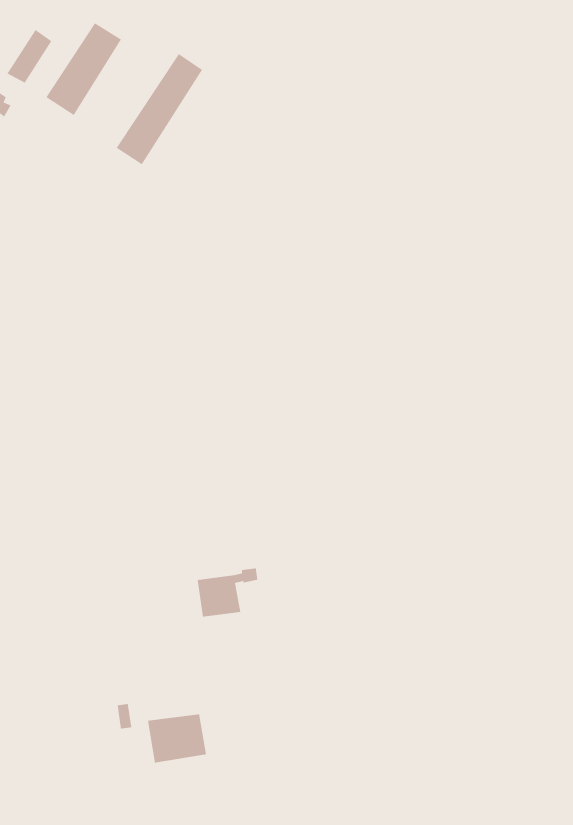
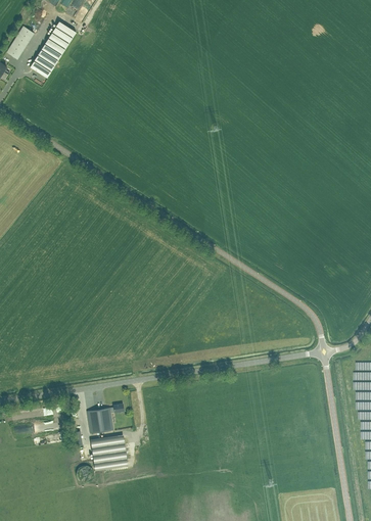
building: [116,53,203,165] -> none
building: [197,568,258,617] -> [87,404,124,433]

